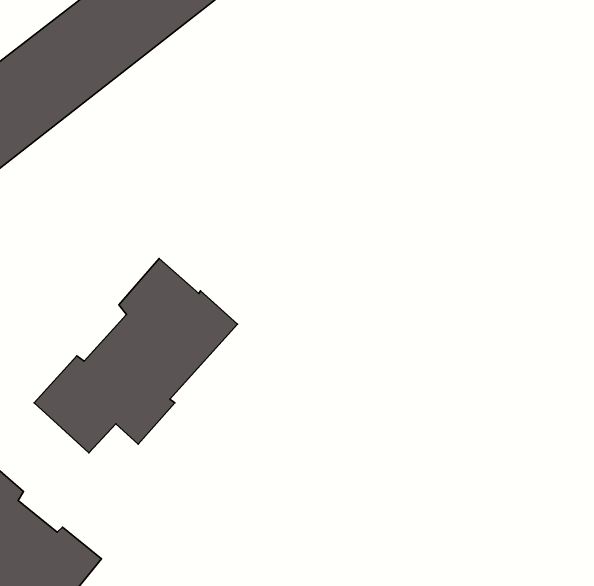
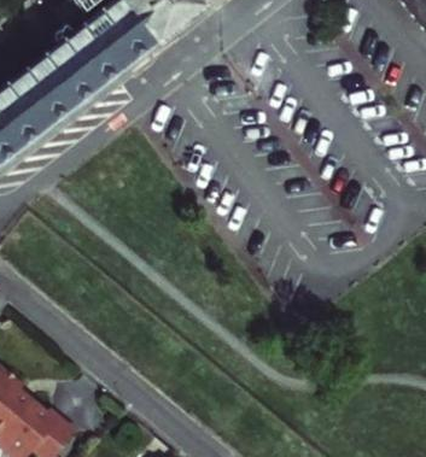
building: [34,258,238,453] -> none

